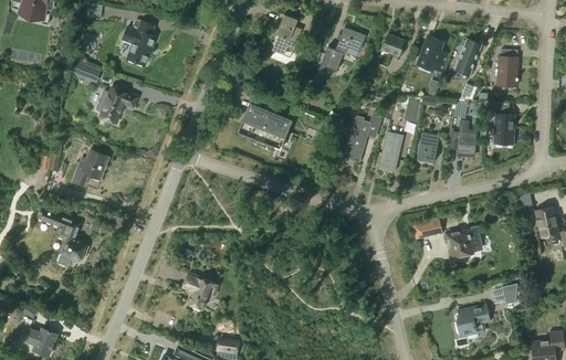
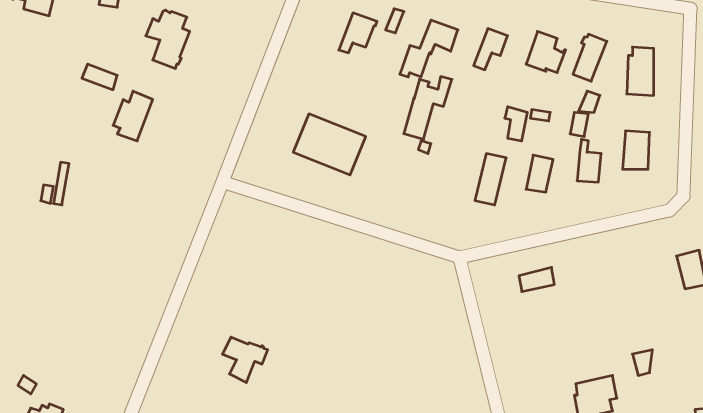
building: [344,113,381,161] -> [404,77,452,139]
building: [72,149,108,184] -> none
building: [35,208,85,265] -> none
building: [446,225,479,256] -> none

